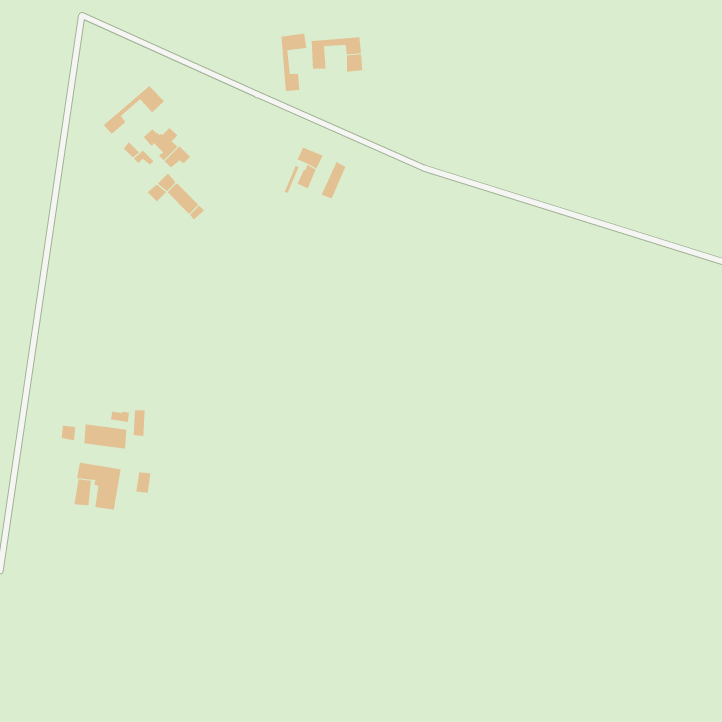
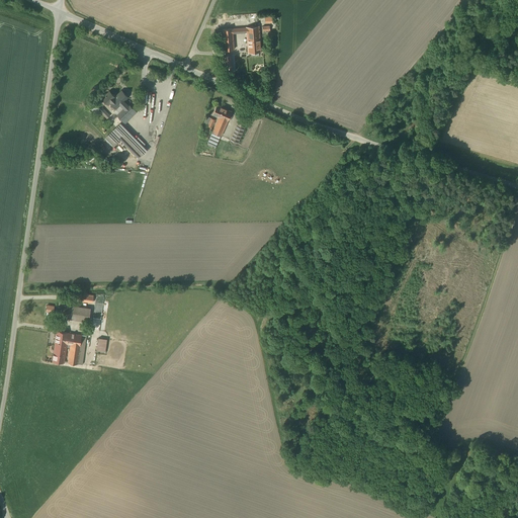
building: [281,33,307,92] -> none
building: [103,85,165,135] -> none

